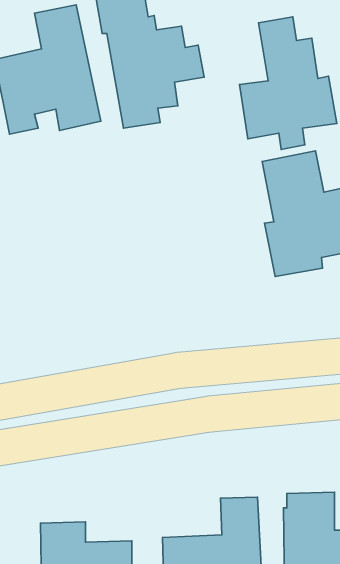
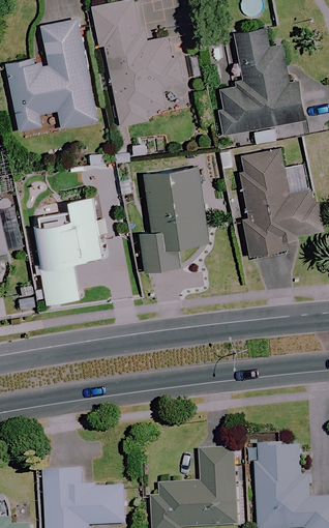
building: none -> [134,167,207,272]
building: none -> [35,197,100,304]

